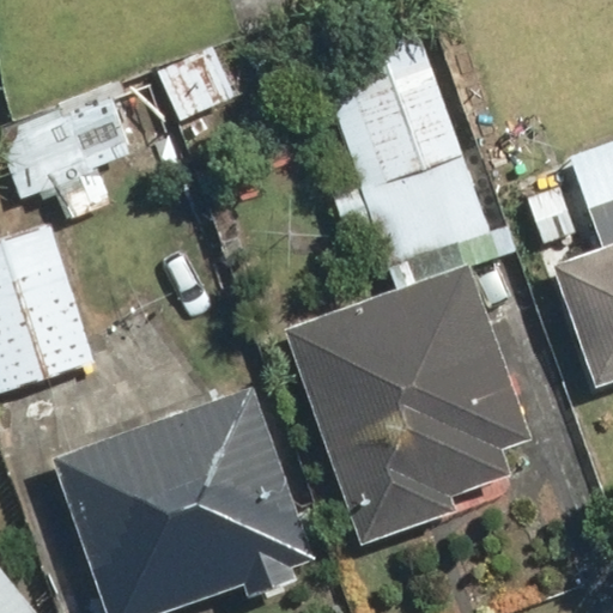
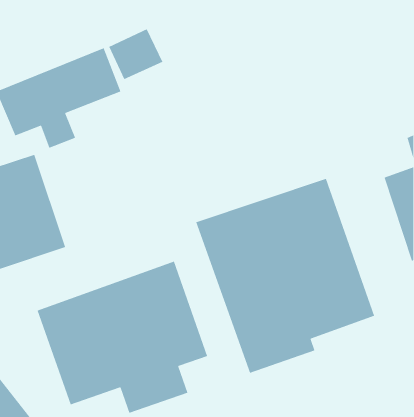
building: [314,28,496,272] -> none

